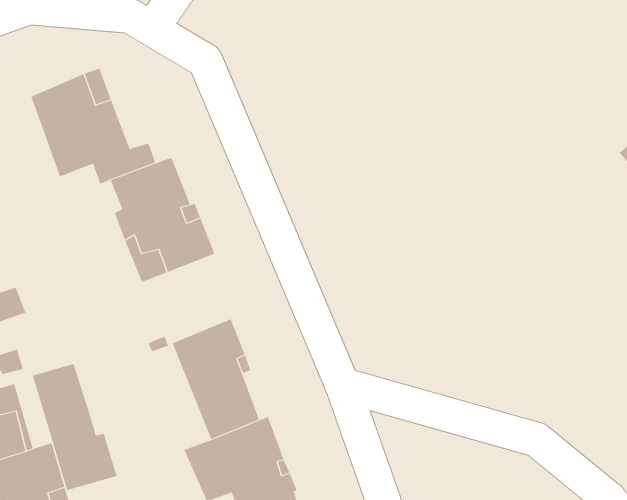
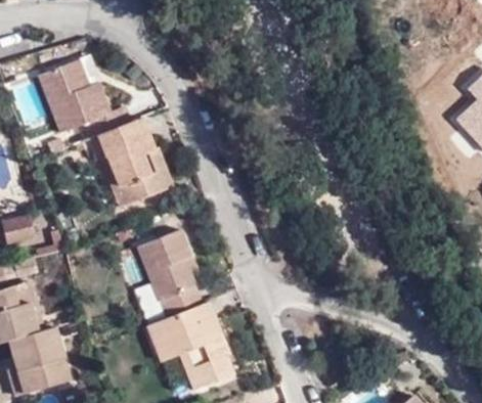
building: [32,363,117,491] -> none

